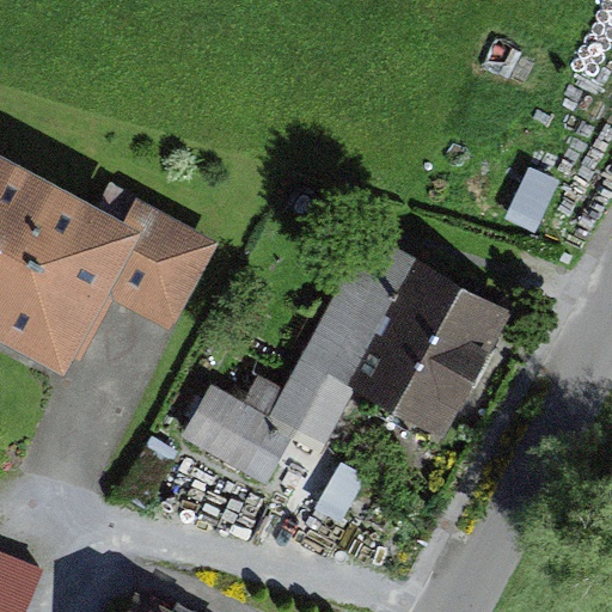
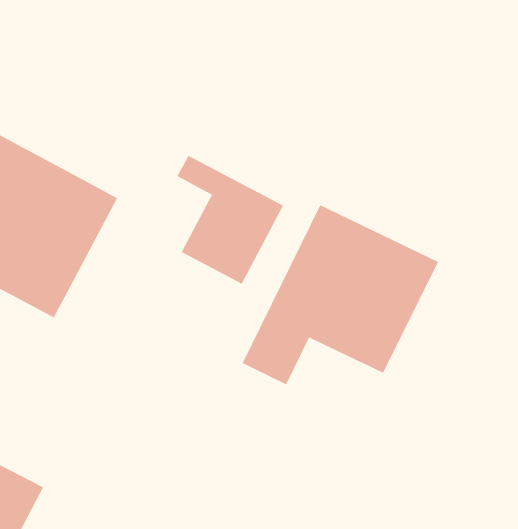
building: [96,186,219,335] -> [177,155,284,285]
building: [186,392,289,483] -> none

